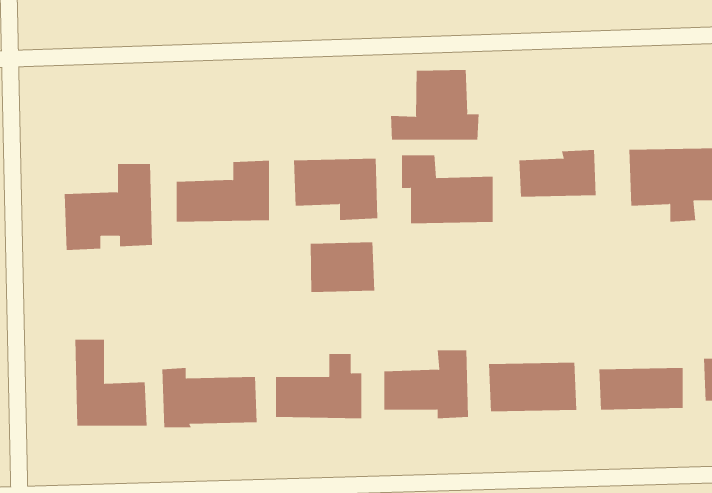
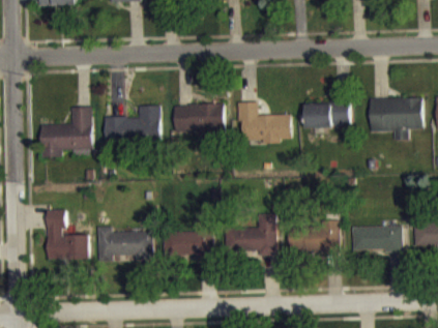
building: [391,69,479,140] -> none
building: [310,242,375,293] -> none

